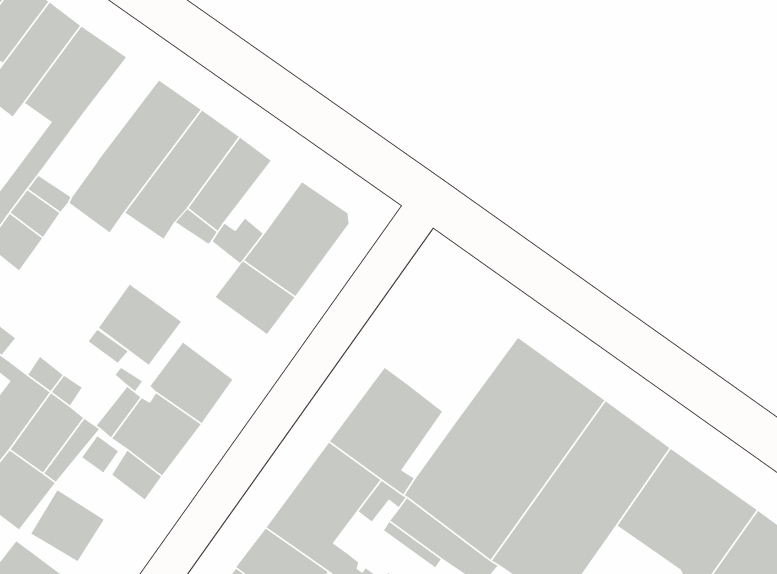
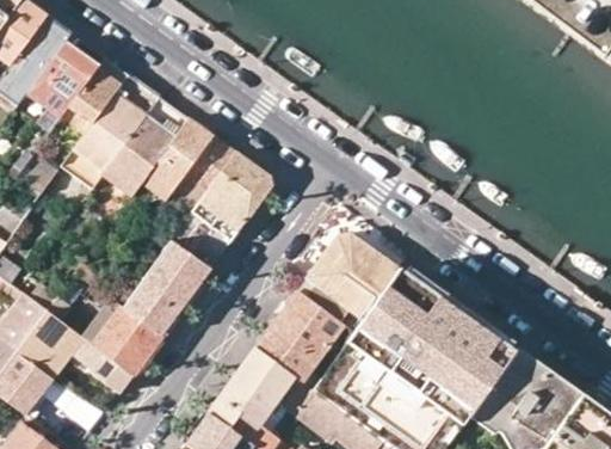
building: none -> [67,59,129,139]
building: none -> [178,136,236,191]
building: [98,283,182,366] -> [147,239,210,301]
building: none -> [309,234,399,332]

